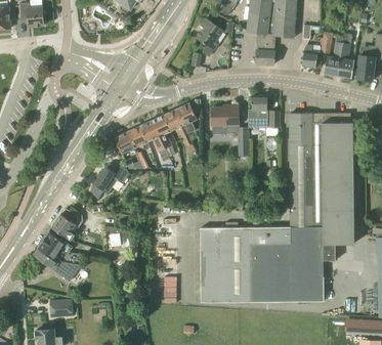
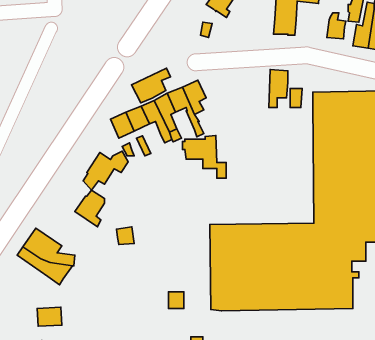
building: none -> [132,68,170,103]
building: [210,104,248,141] -> [183,135,226,178]
building: [52,209,78,241] -> [75,190,105,227]

